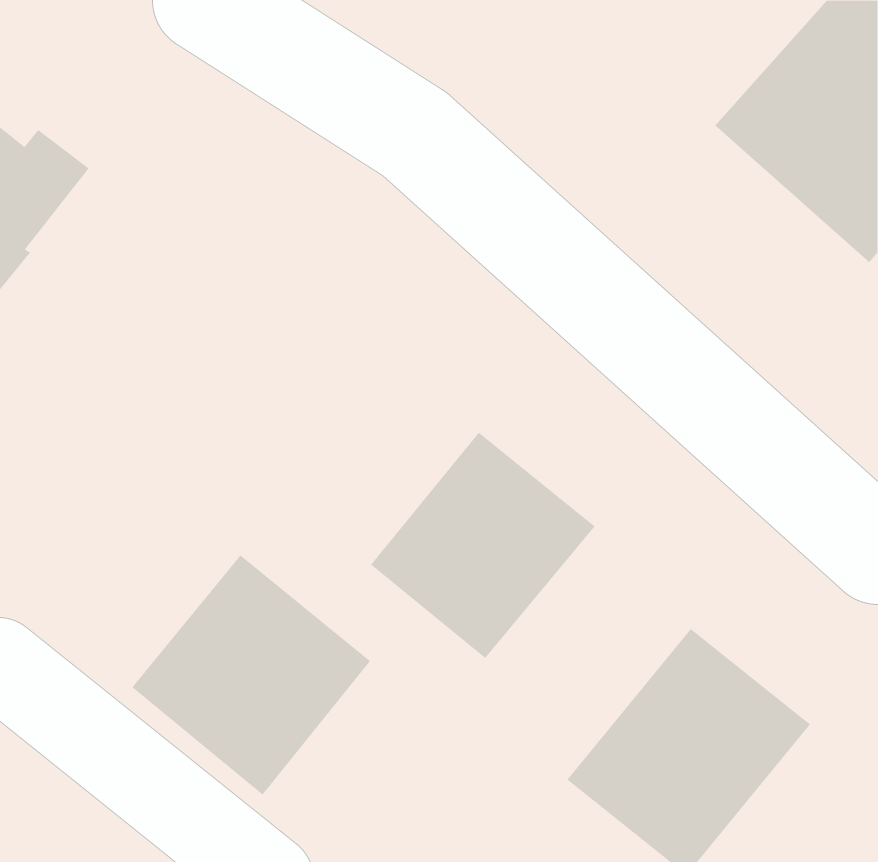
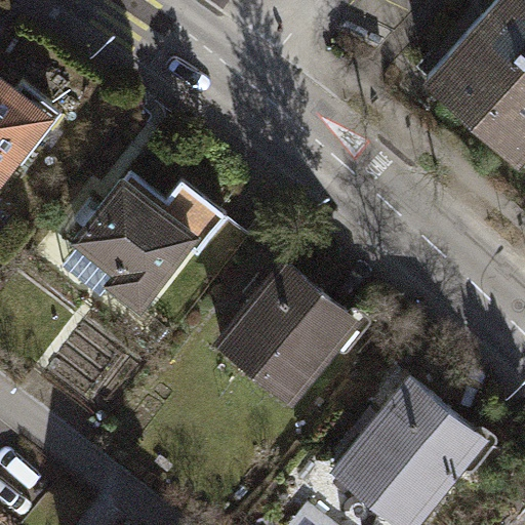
building: none -> [78,178,227,311]
building: [132,554,371,796] -> none

